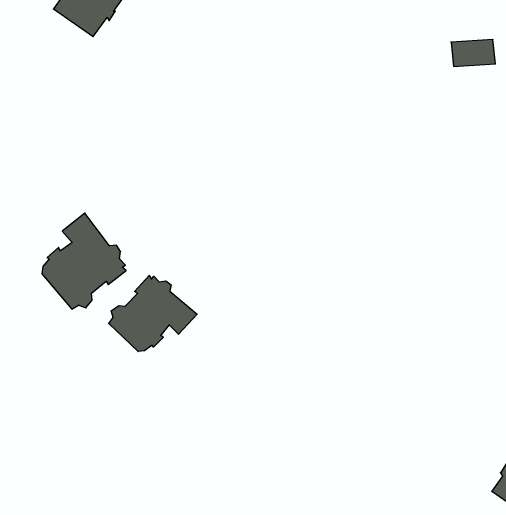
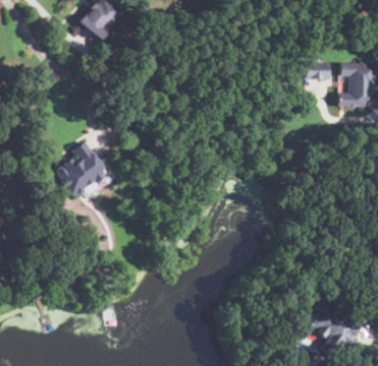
building: [109,276,197,352] -> none

